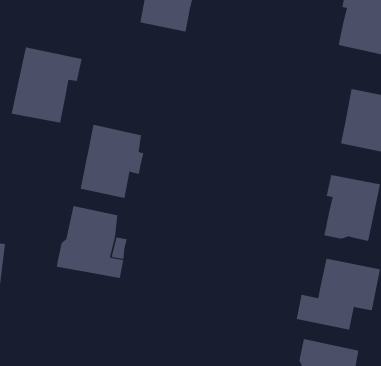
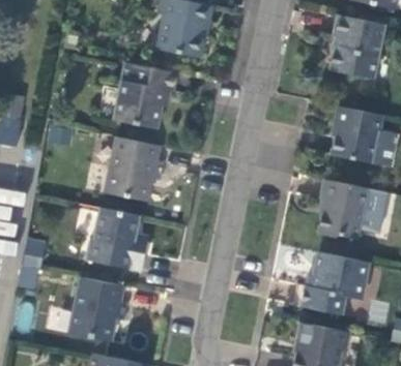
building: [11,47,82,123] -> [113,62,175,128]
building: none -> [70,278,126,341]

